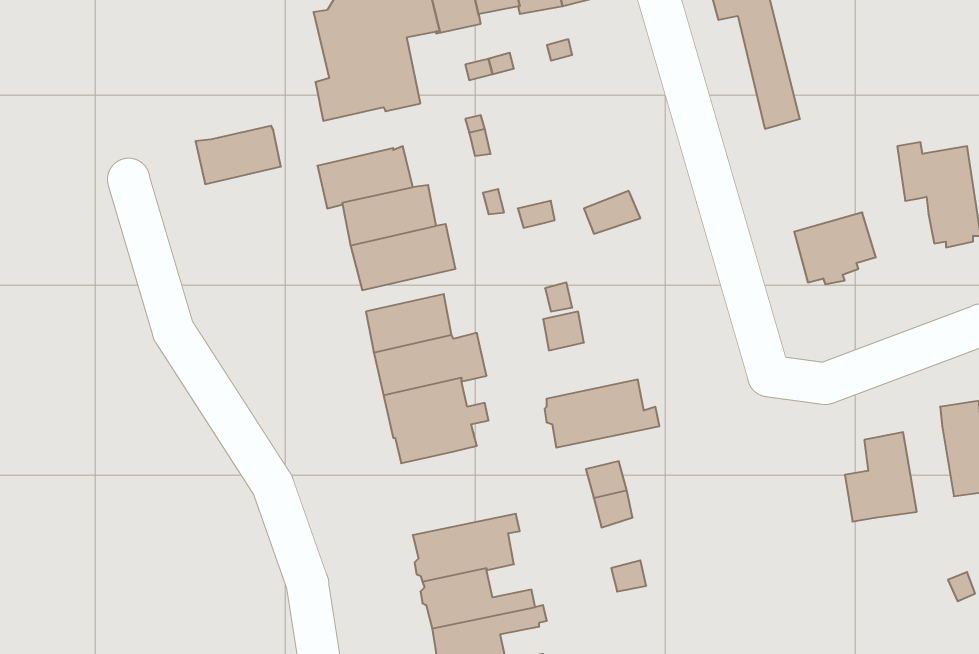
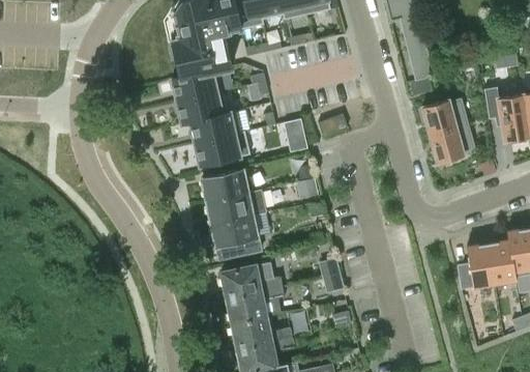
building: [195,126,281,184] -> [171,70,216,102]
building: none -> [419,102,466,137]
building: [545,380,659,448] -> [220,262,282,298]
building: none -> [488,240,516,286]

